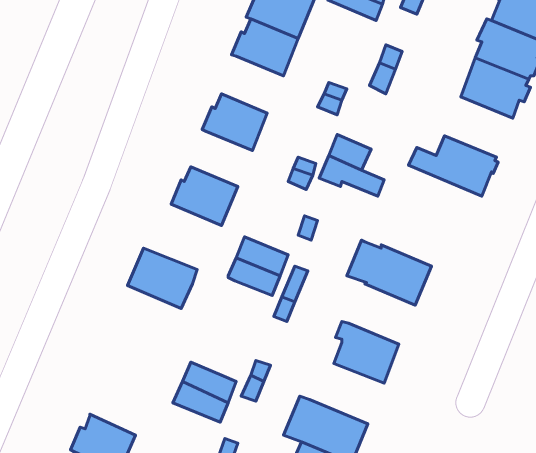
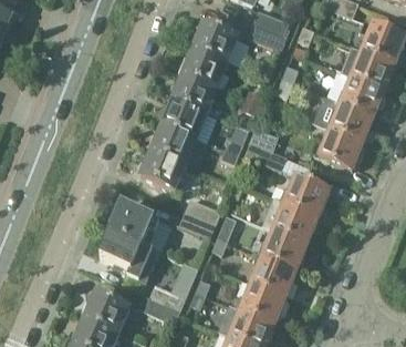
building: none -> [173,73,218,112]
building: none -> [327,99,374,142]
building: none -> [153,124,204,162]
building: none -> [271,174,330,216]
building: none -> [258,228,308,269]
building: none -> [101,229,160,282]
building: none -> [236,283,287,324]
building: none -> [84,292,128,331]

